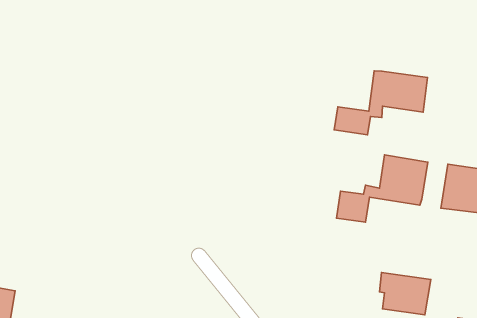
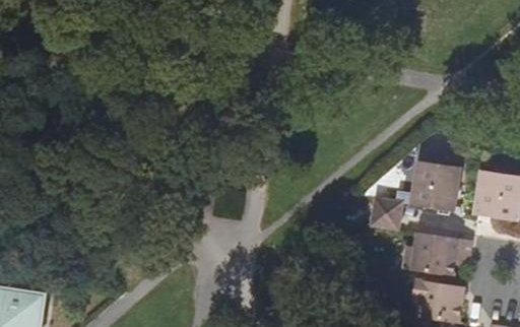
building: [334,71,428,135] -> none
building: none -> [403,232,472,275]

